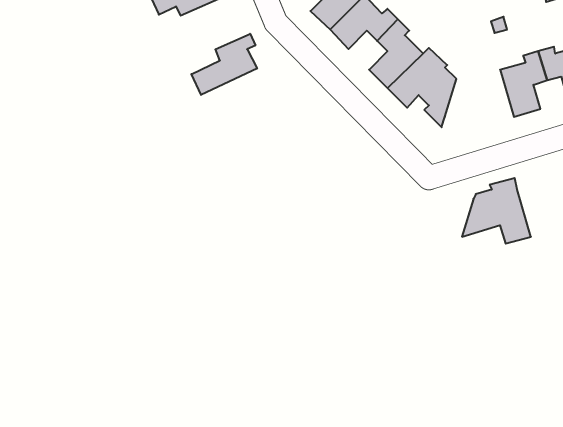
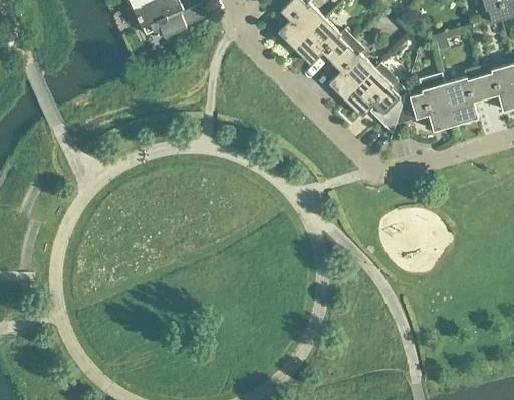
building: [191,34,257,95] -> none
building: [462,178,531,244] -> [396,73,456,131]

